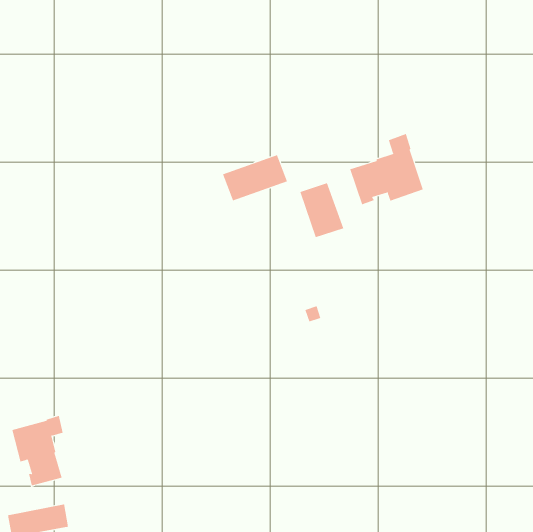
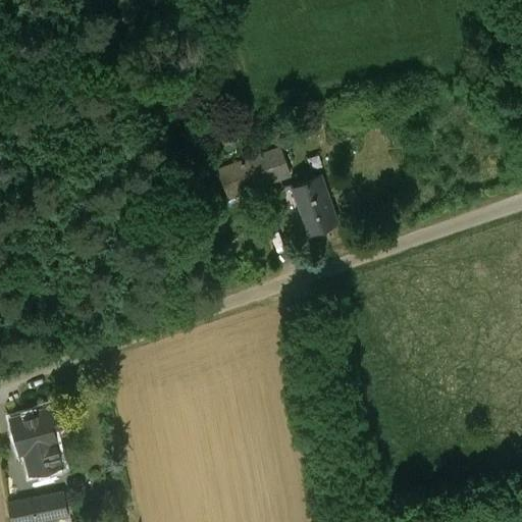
building: [350,133,424,205] -> none

